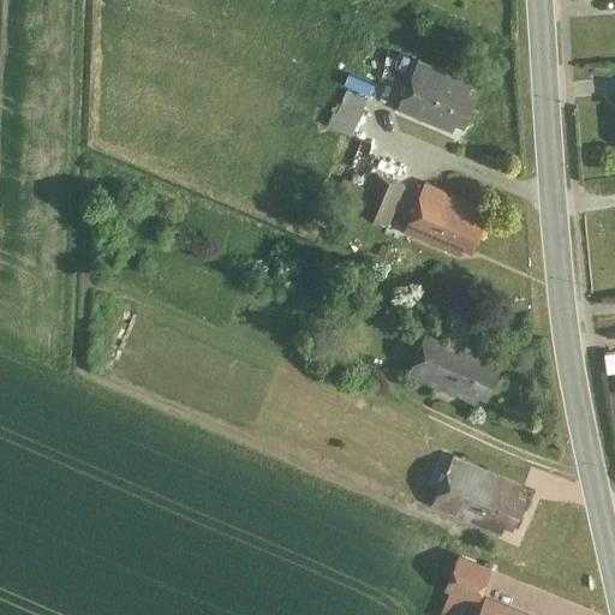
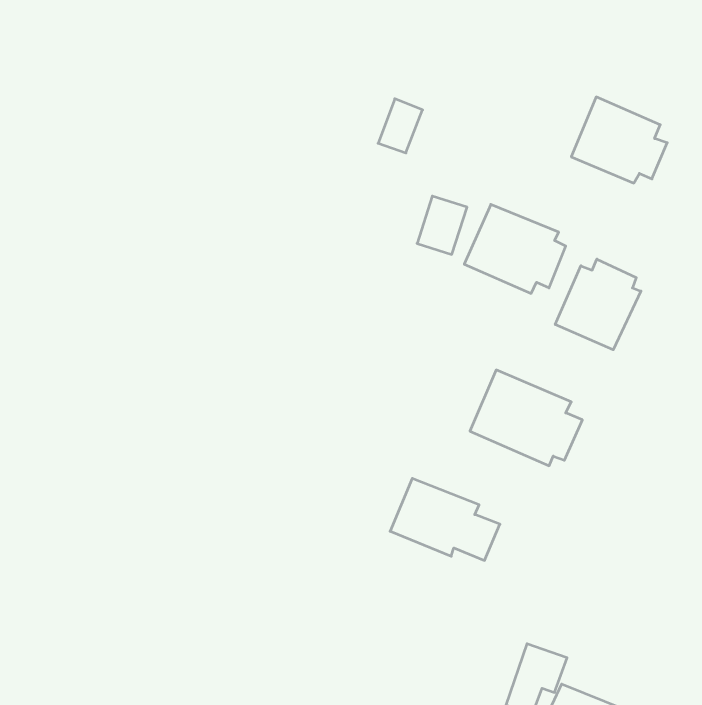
building: [395,60,478,135] -> [571,97,667,183]
building: none -> [555,259,641,350]
building: [432,455,527,526] -> [390,478,500,560]

